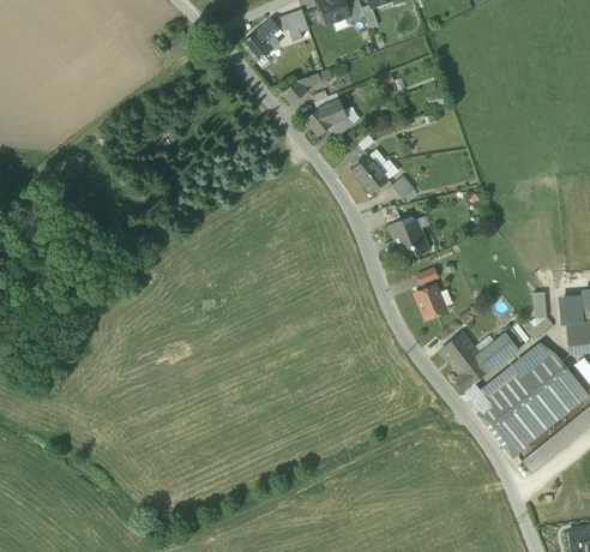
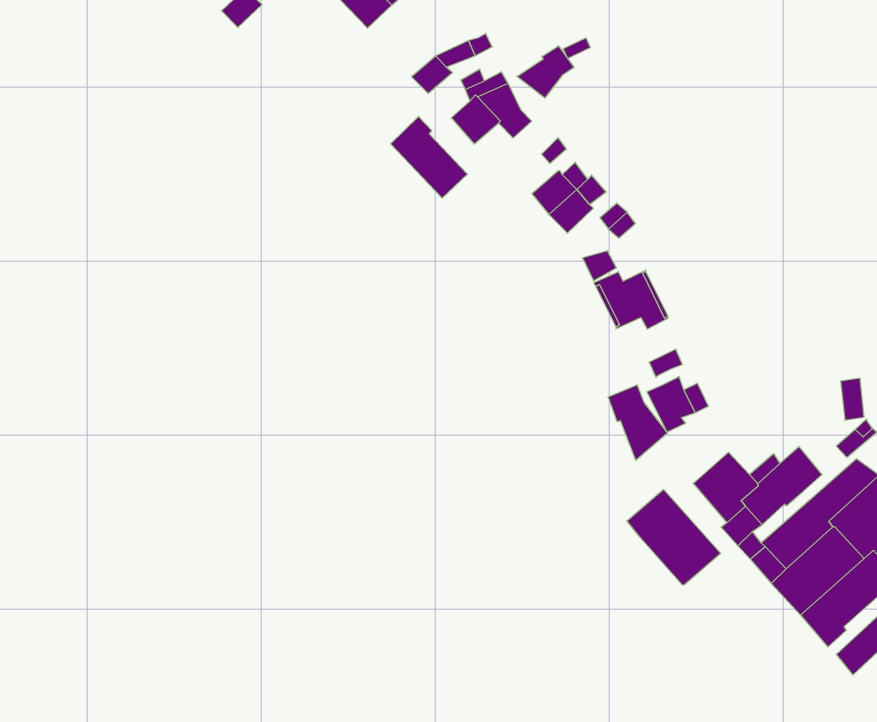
building: none -> [517,46,574,98]
building: none -> [391,116,468,198]
building: none -> [608,385,667,461]
building: none -> [627,489,721,585]

